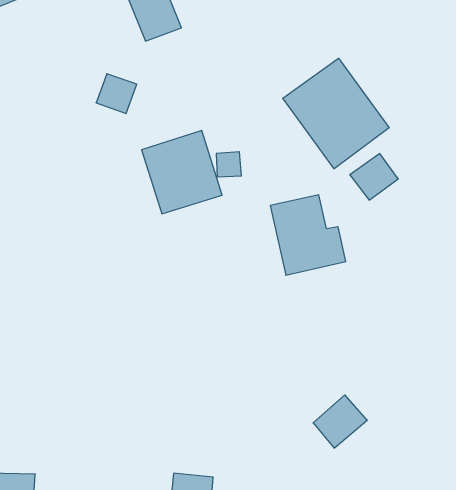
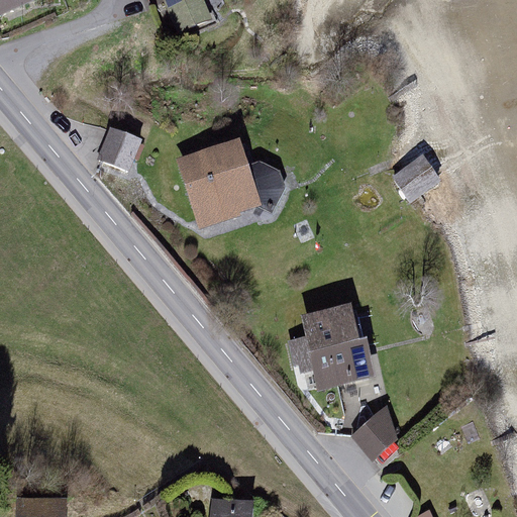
building: [283,58,389,169] -> none
building: [96,74,137,113] -> [98,126,140,168]
building: [270,195,346,275] -> [300,303,379,387]

